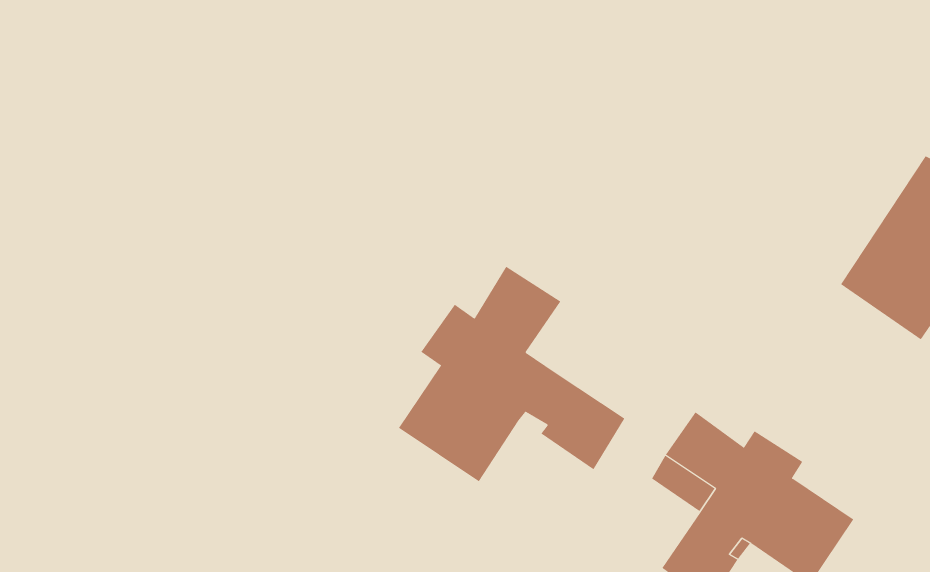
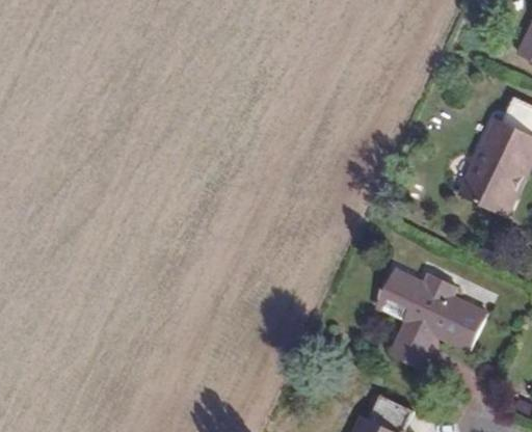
building: [398,266,625,482] -> none

